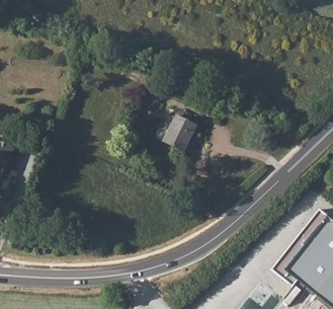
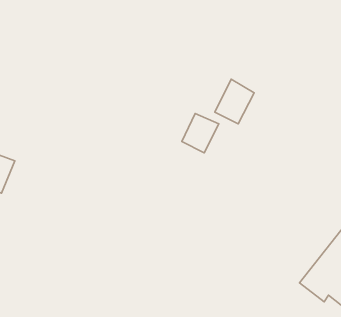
building: none -> [215,79,254,124]

